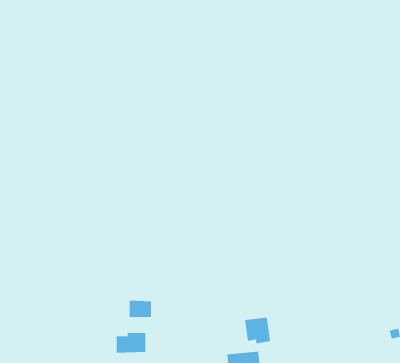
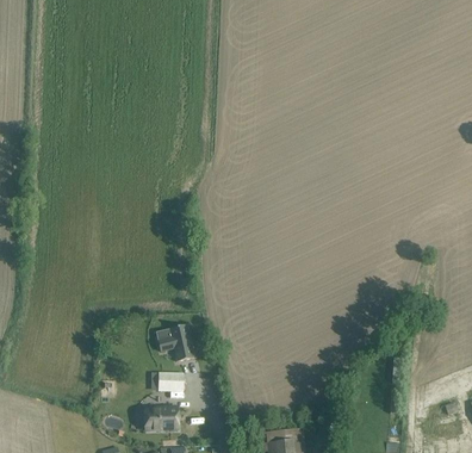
building: none -> [157,325,192,361]
building: [244,317,271,344] -> none

